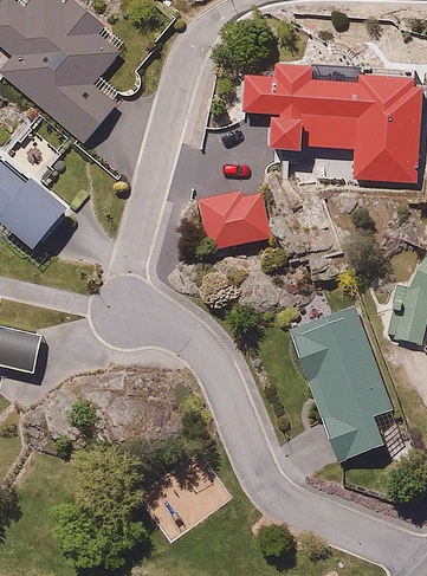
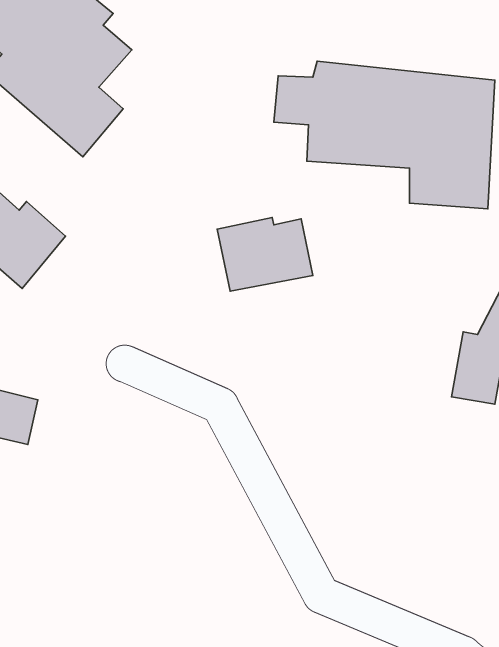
building: [290,304,394,462] -> none

